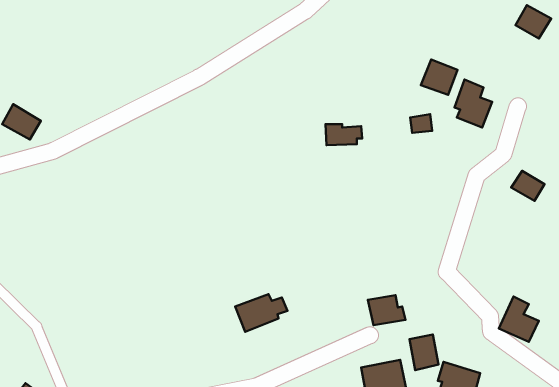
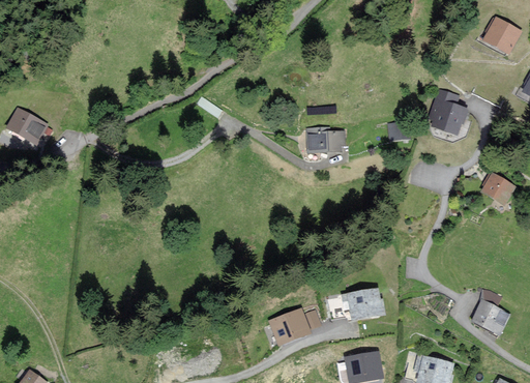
building: [421,59,458,95] -> none
building: [235,294,288,332] -> [269,308,318,344]
building: [410,335,439,370] -> none

